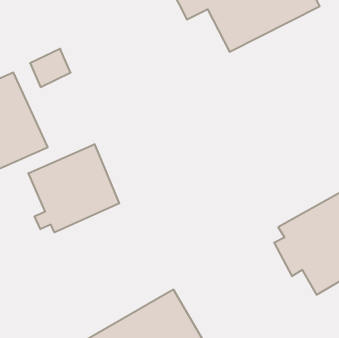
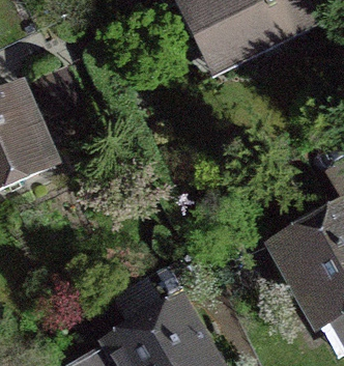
building: [28,144,119,232] -> none

